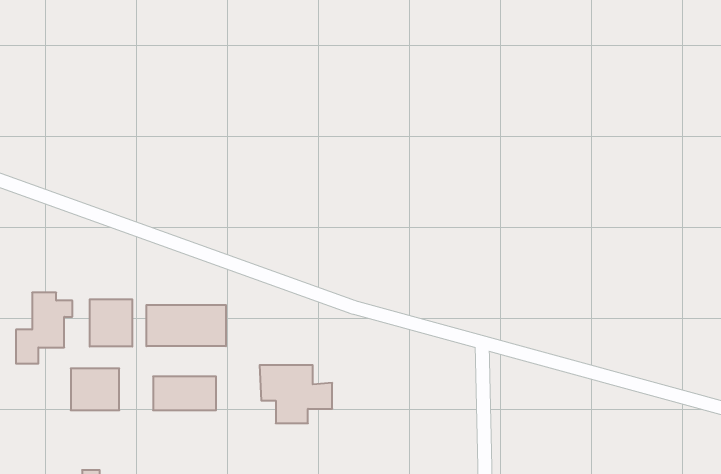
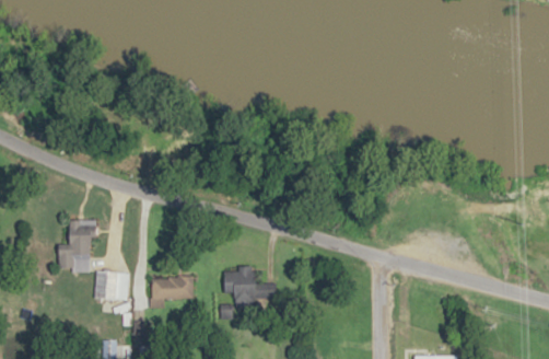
building: [90,299,132,347] -> none
building: [146,305,226,346] -> none

